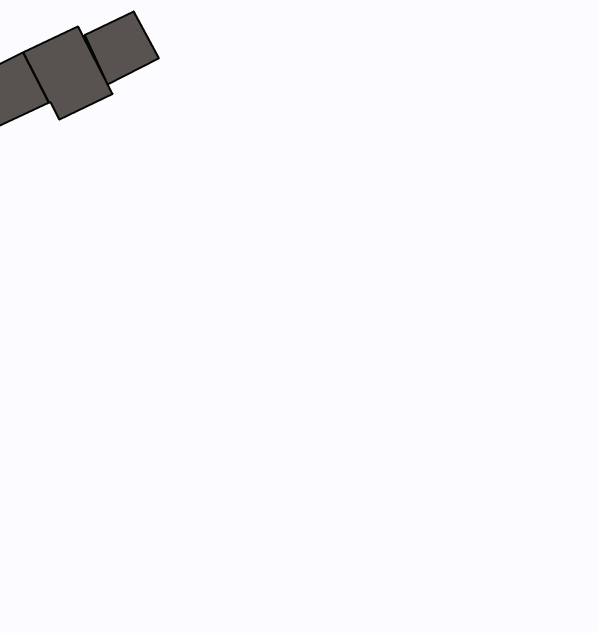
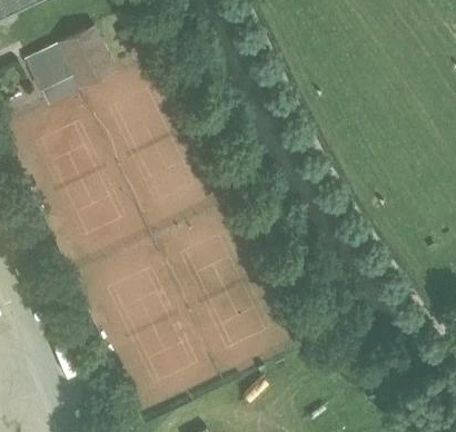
building: [85,11,159,85] -> none

